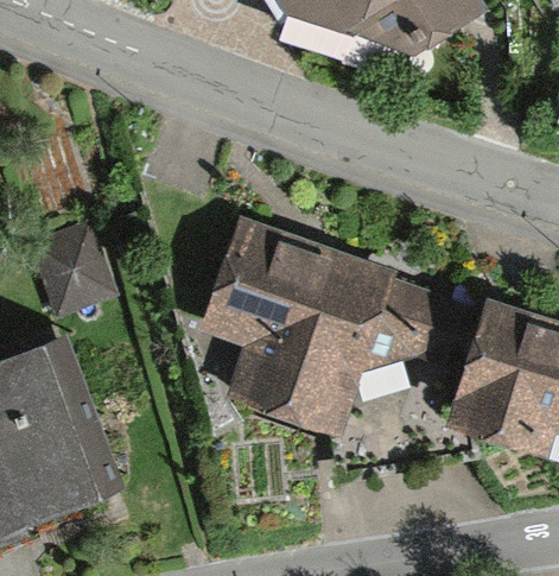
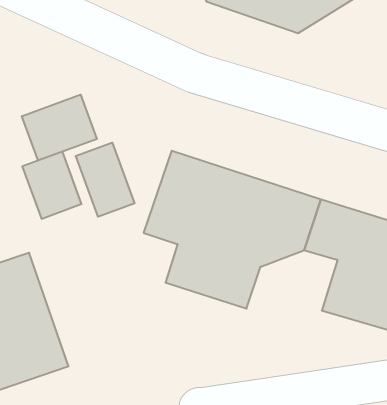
building: none -> [22,95,97,161]
building: none -> [76,143,135,217]

